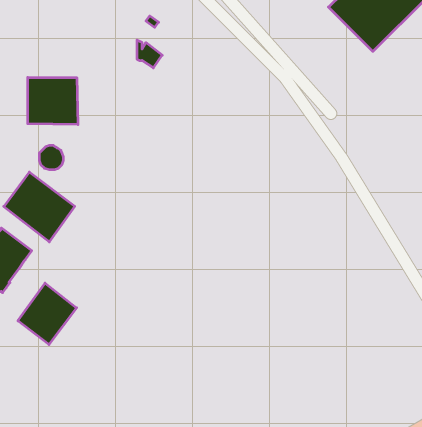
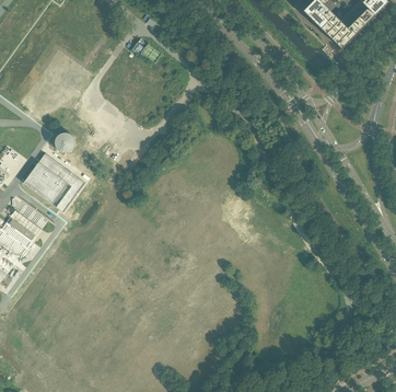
building: [28,77,78,125] -> none
building: [18,283,77,345] -> none

